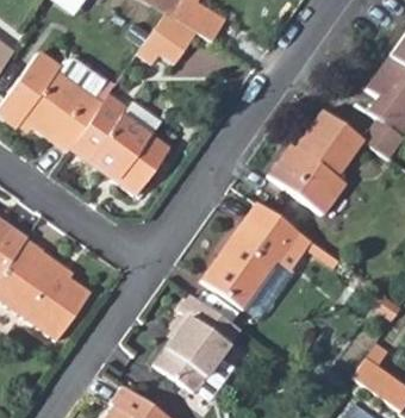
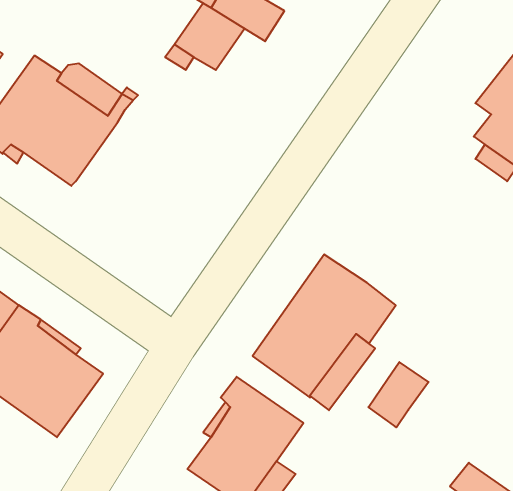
building: [70,93,168,195] -> none
building: [267,108,364,214] -> none
building: none -> [368,362,429,427]

